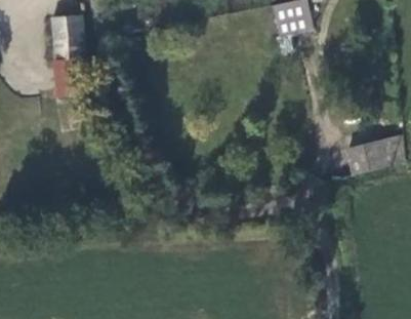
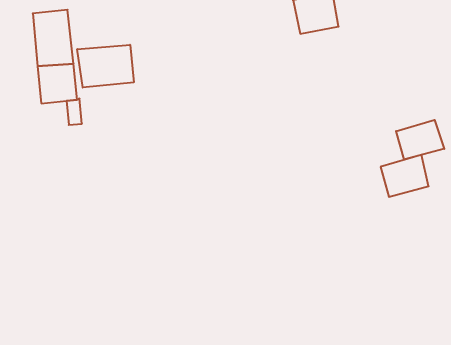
building: none -> [77,45,134,88]
building: none -> [396,120,444,160]

